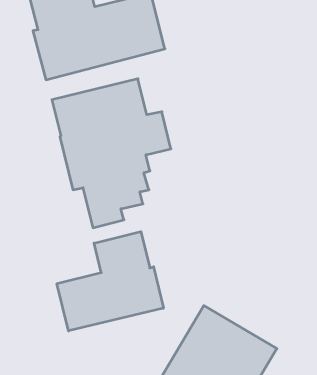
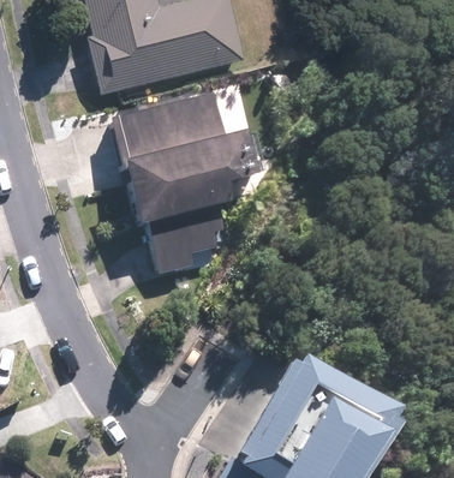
building: [57,232,163,331] -> none

